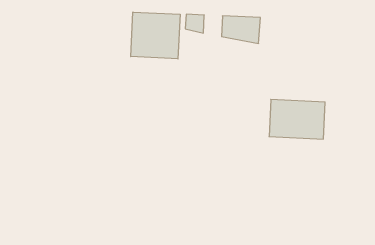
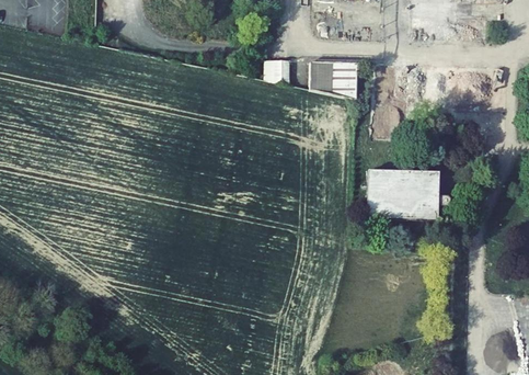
building: [131,12,180,59] -> none

